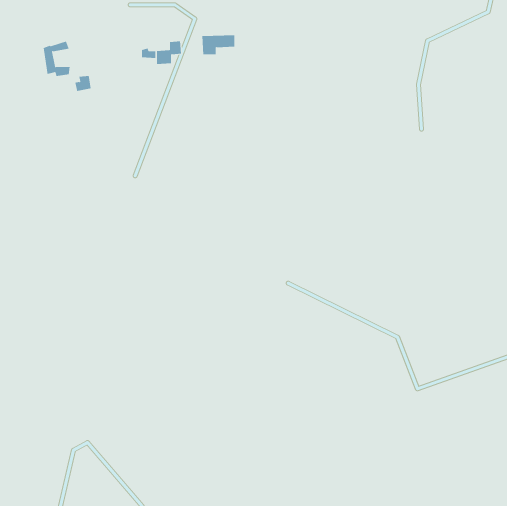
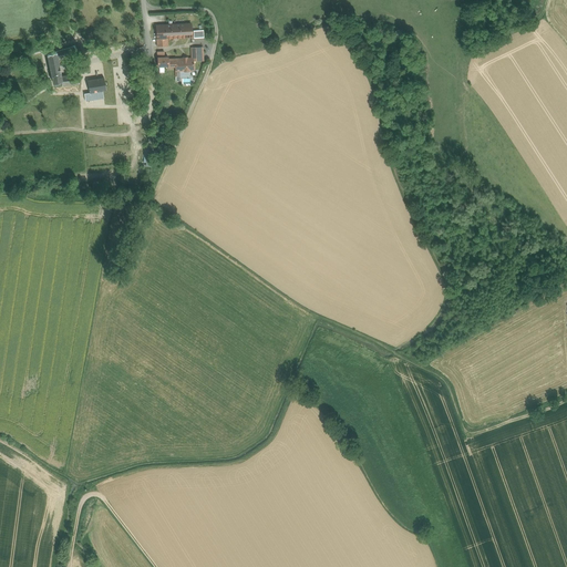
building: [202,35,235,55] -> [154,23,192,45]

